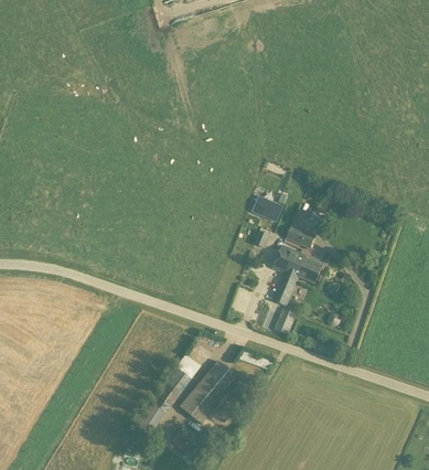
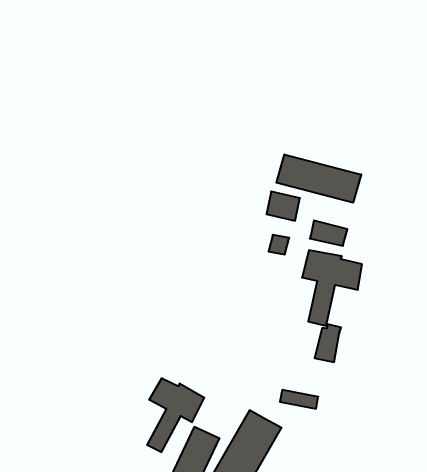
building: none -> [276,154,361,203]
building: none -> [147,378,204,452]

